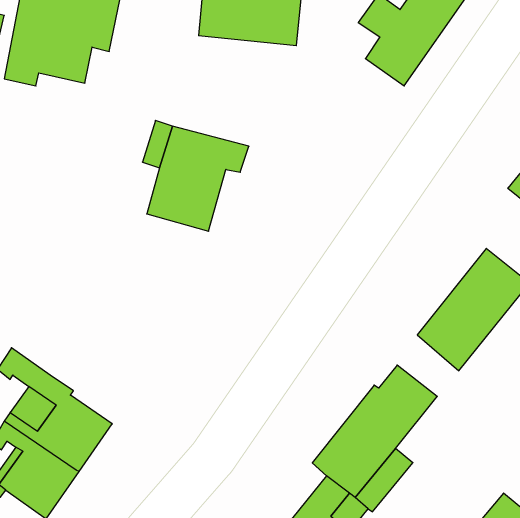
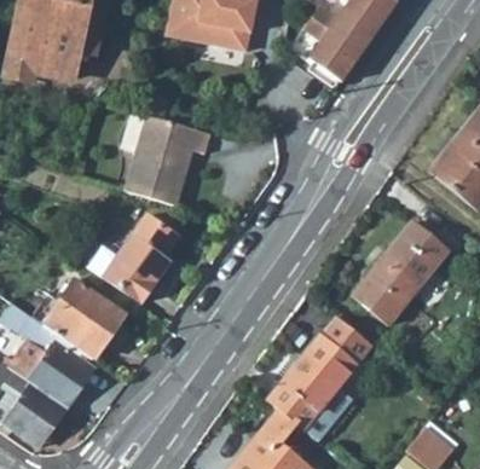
building: none -> [85,215,178,302]
building: none -> [45,279,127,359]

